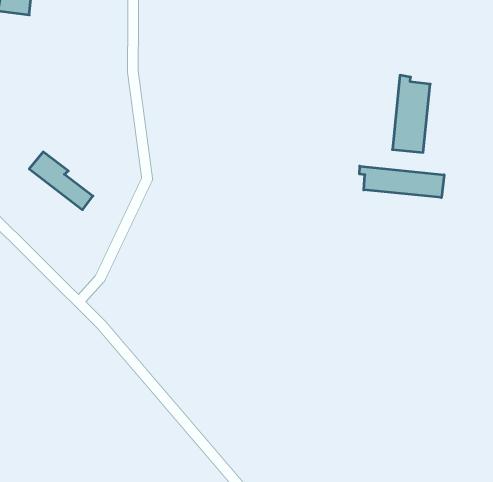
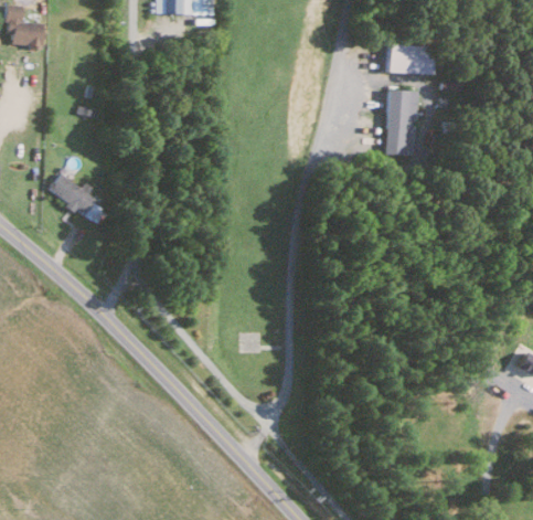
building: none -> [387,43,429,73]
building: [360,166,444,198] -> none

